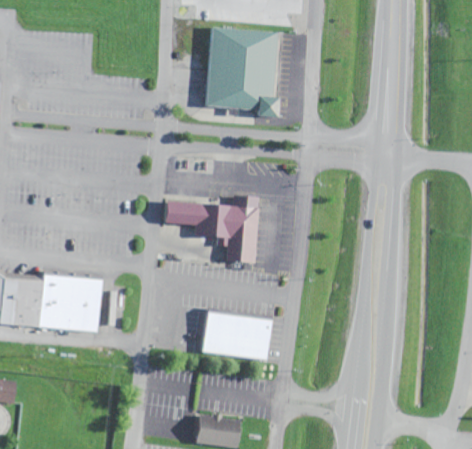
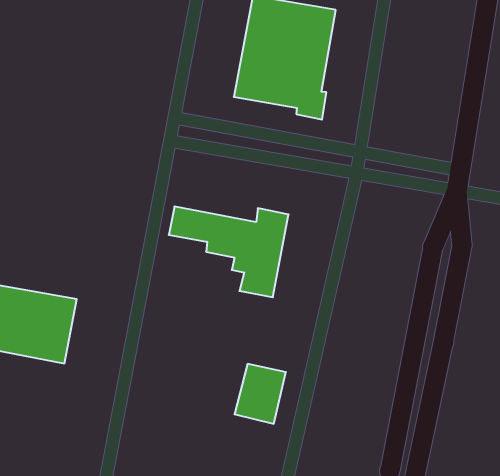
building: [203,312,240,358] -> none

